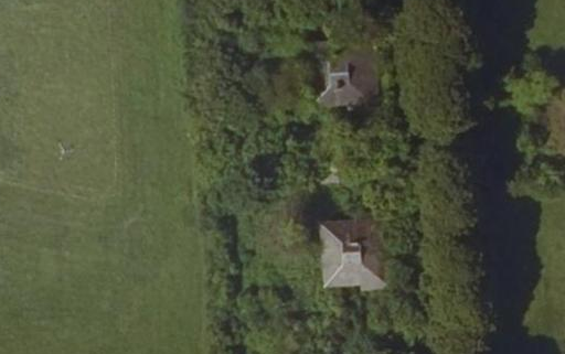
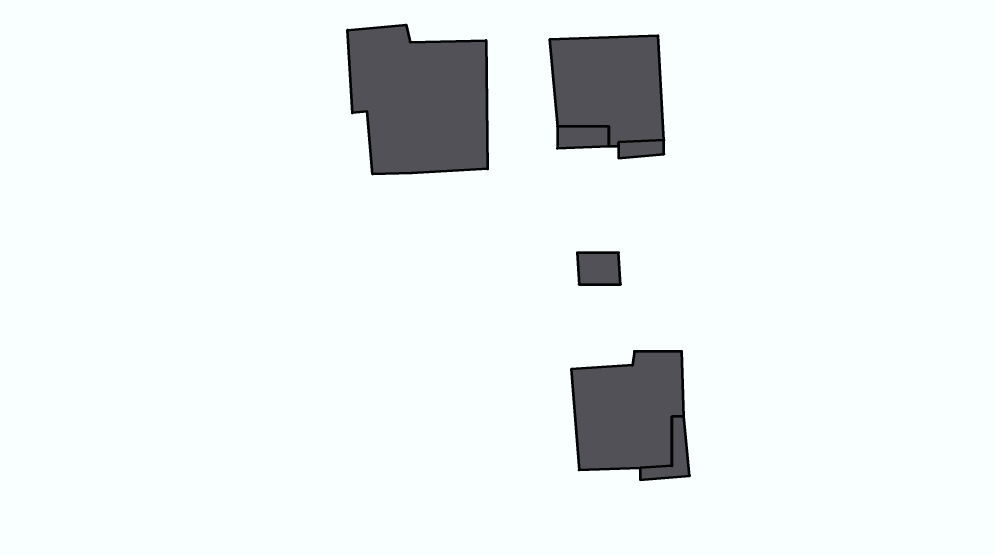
building: none -> [348,25,488,174]

